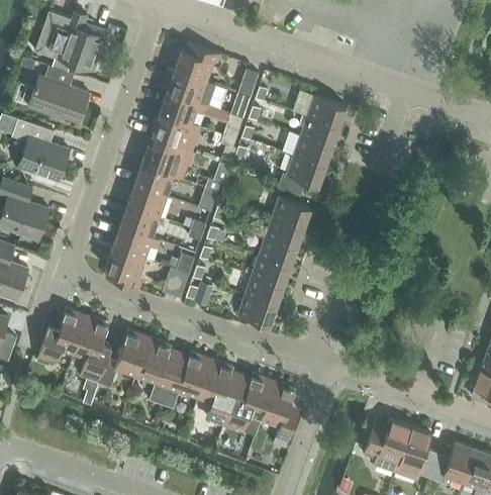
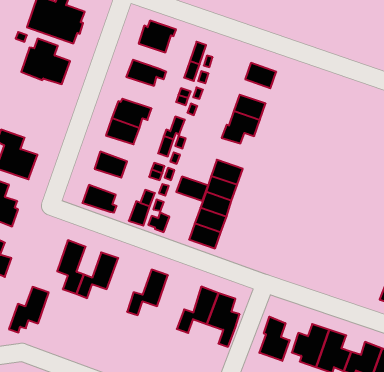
building: [165,69,216,106] -> none
building: [153,112,200,152] -> none
building: [300,115,338,145] -> none
building: [12,118,70,181] -> none
building: [127,185,169,217] -> none
building: [272,196,311,226] -> [176,177,208,201]
building: [113,226,154,259] -> none
building: [37,308,87,365] -> [9,287,49,332]
building: [135,337,172,404] -> none
building: [198,359,233,425] -> none
building: none -> [259,317,290,361]

